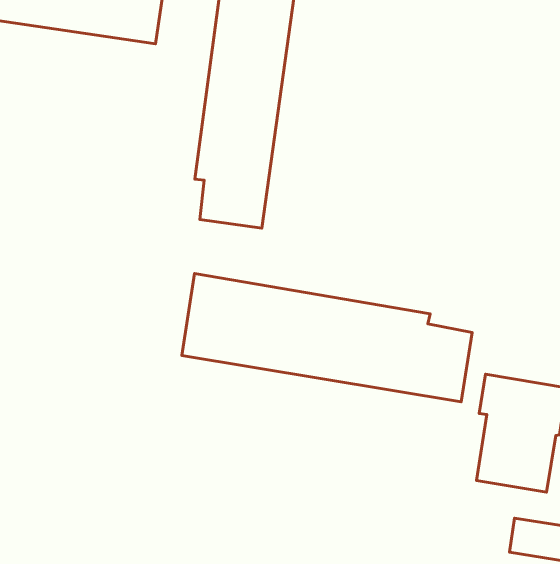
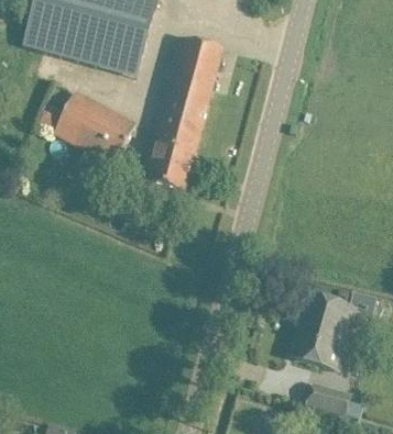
building: none -> [53,94,134,165]
building: [182,273,472,402] -> none

